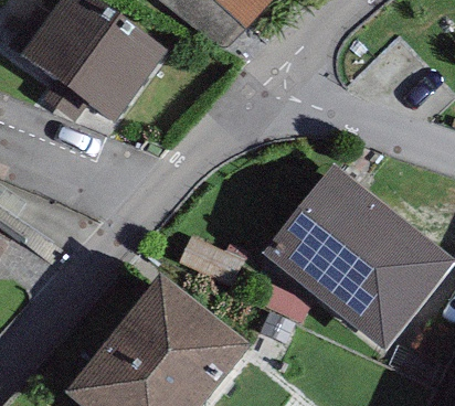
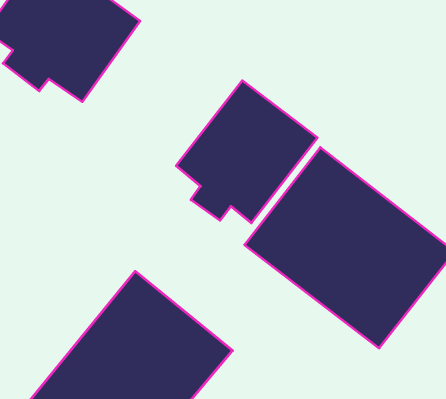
building: none -> [176,81,317,223]

